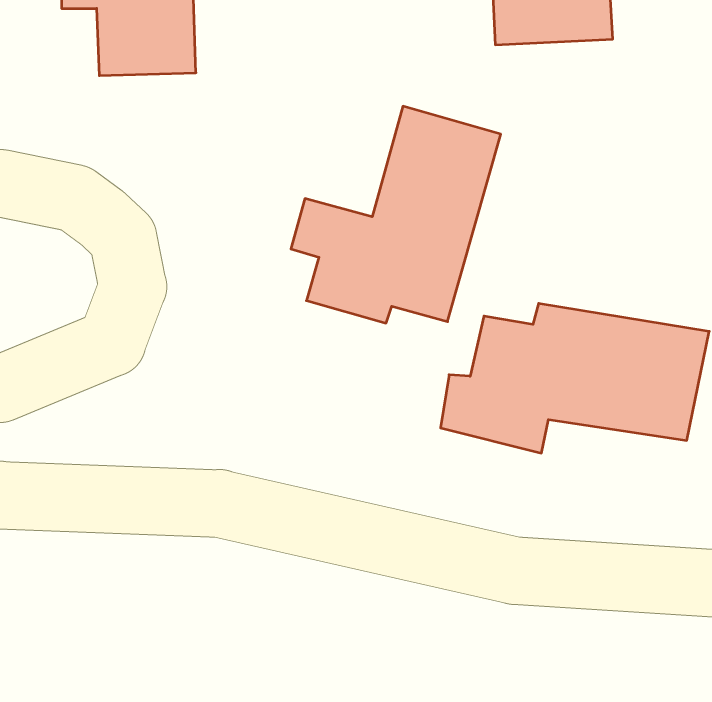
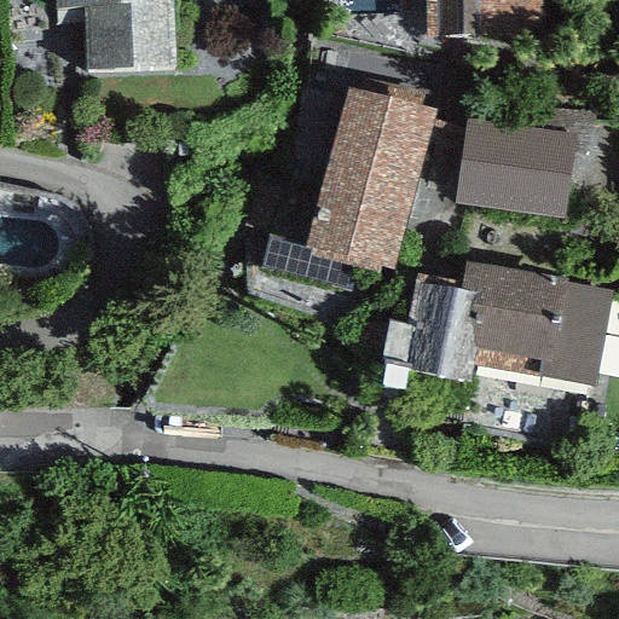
building: none -> [456,99,595,220]

